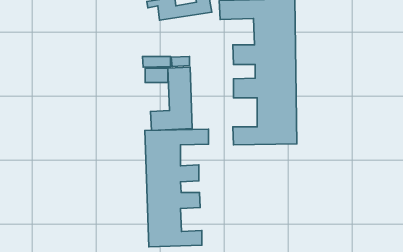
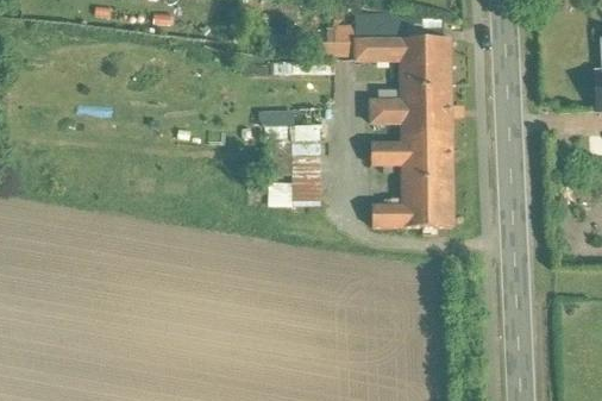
building: [145,129,208,247] -> none

